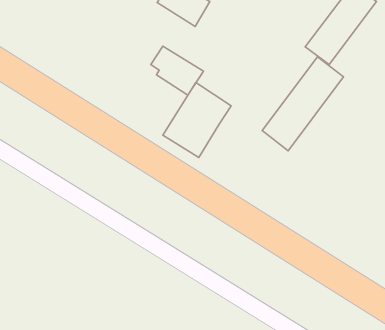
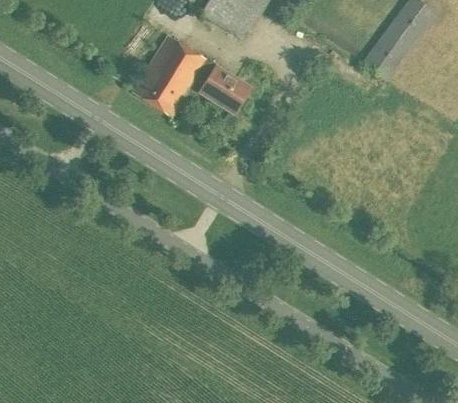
building: [262,57,344,151] -> none
building: [163,83,231,157] -> [133,35,207,116]

